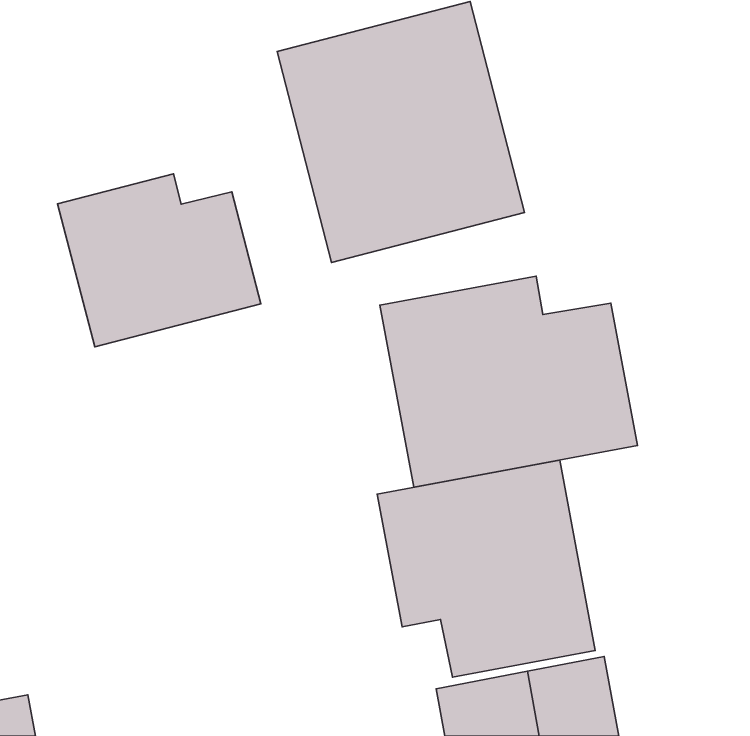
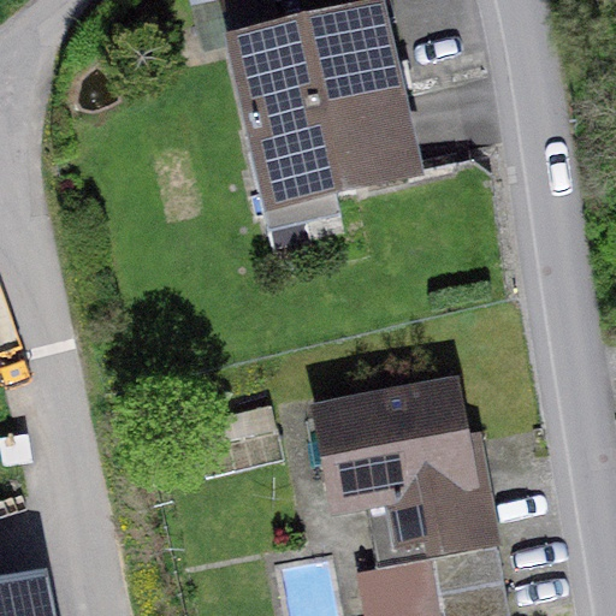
building: [58,174,261,347] -> none
building: [380,276,638,487] -> none

